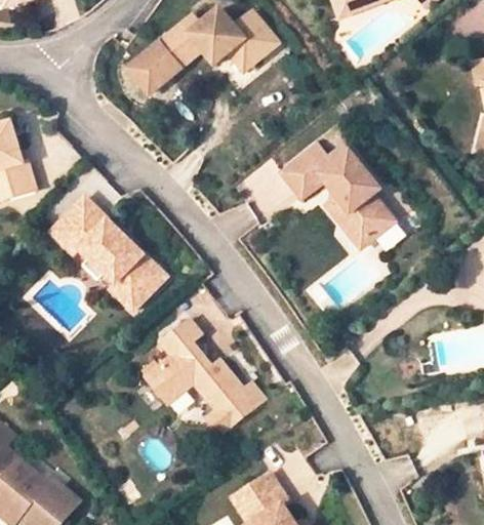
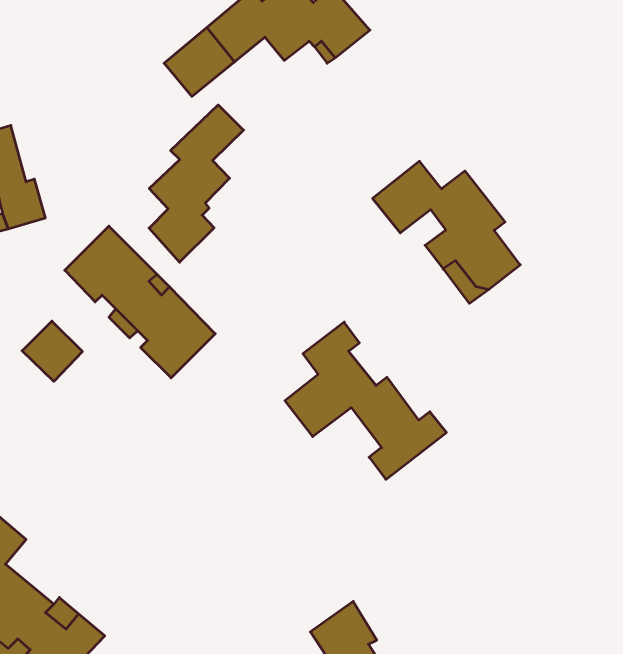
building: none -> [149,105,244,262]
building: none -> [22,321,82,381]
building: [147,316,267,433] -> [285,322,446,479]

